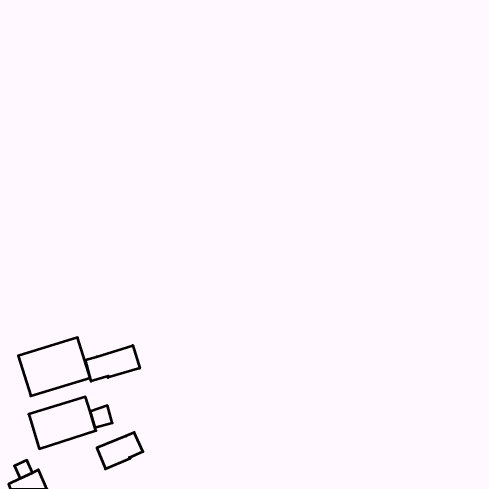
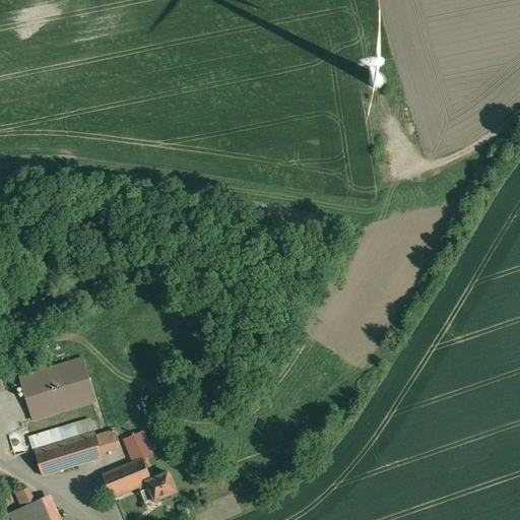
building: [85,345,140,381] -> none
building: none -> [123,431,151,462]
building: none -> [137,472,176,503]

